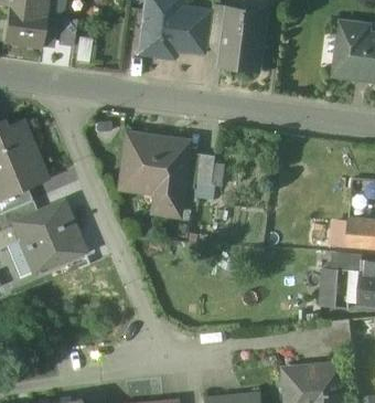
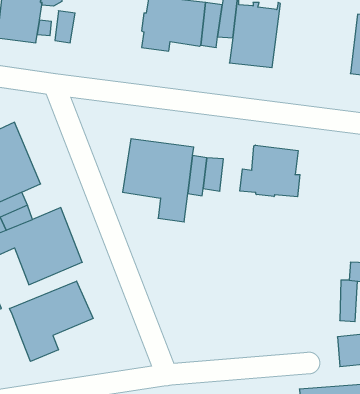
building: none -> [240,145,300,197]
building: none -> [10,281,93,361]

